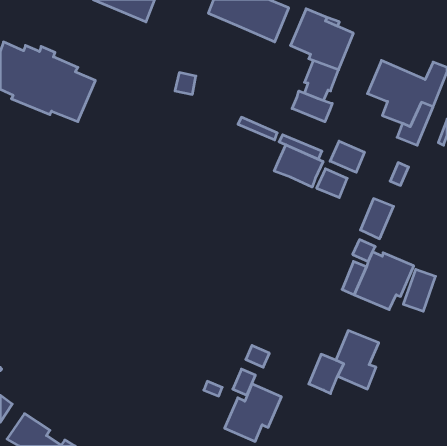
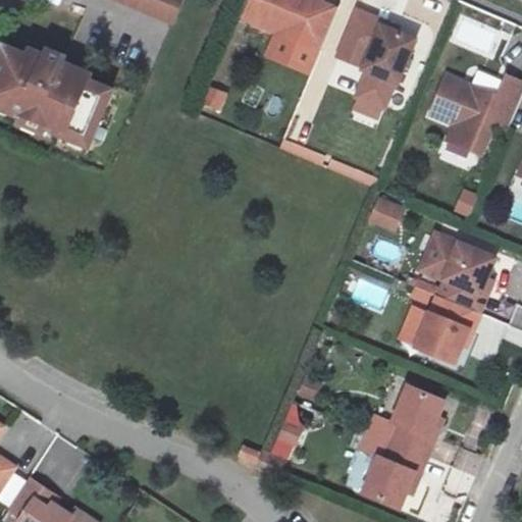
building: none -> [267,31,320,74]
building: [292,91,332,122] -> none
building: [330,141,364,172] -> none
building: [274,145,323,187] -> none
building: none -> [443,241,494,310]
building: [225,384,281,441] -> [362,438,428,506]

